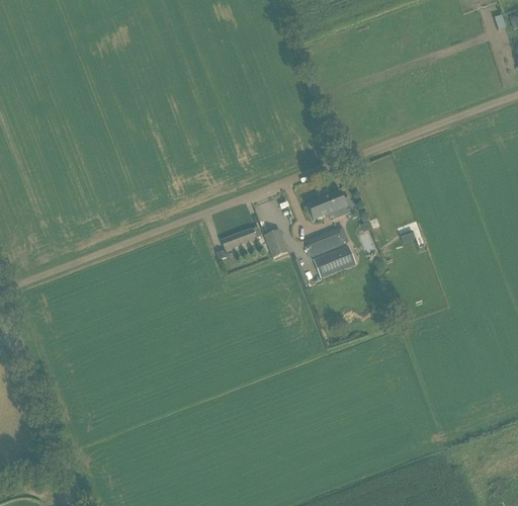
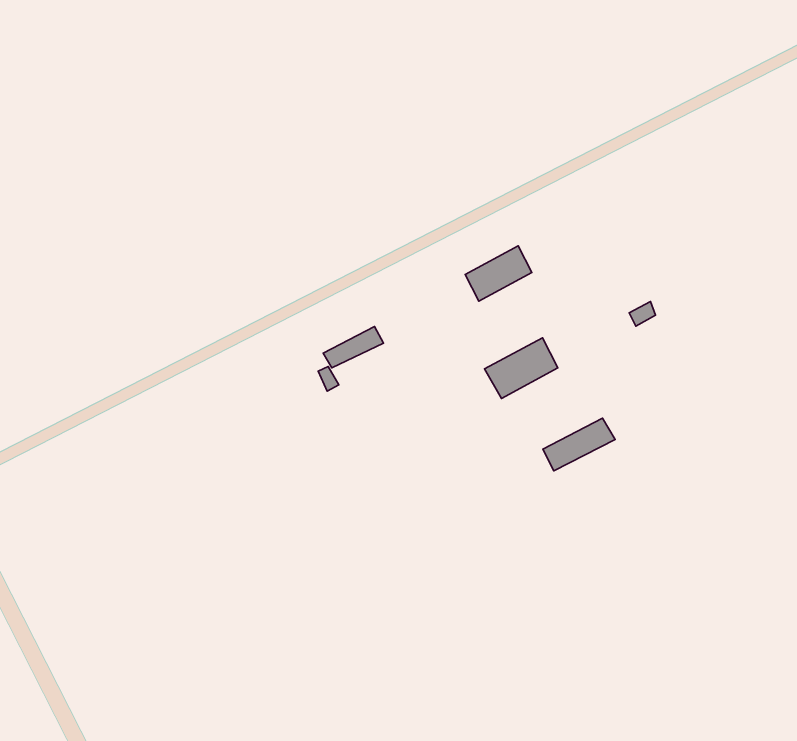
building: [307,228,349,255] -> [543,418,615,471]
building: [264,229,287,257] -> none

